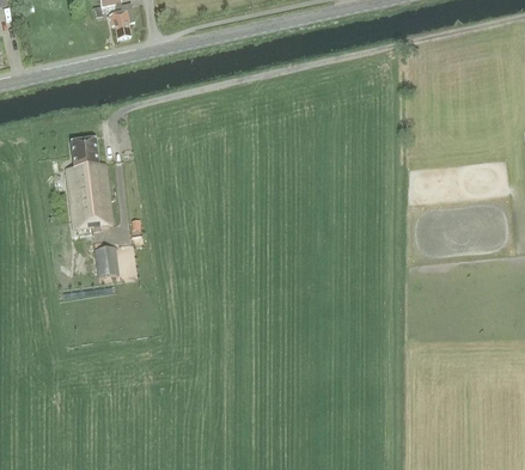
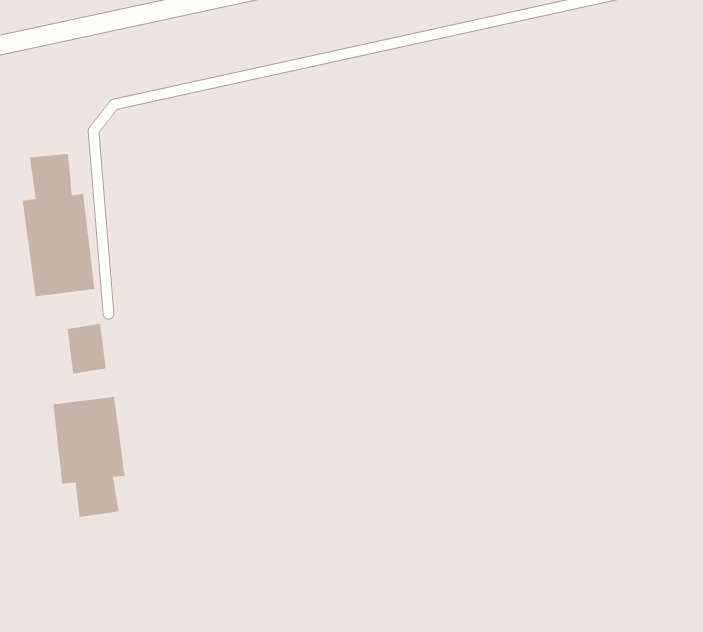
building: none -> [53,396,125,518]

